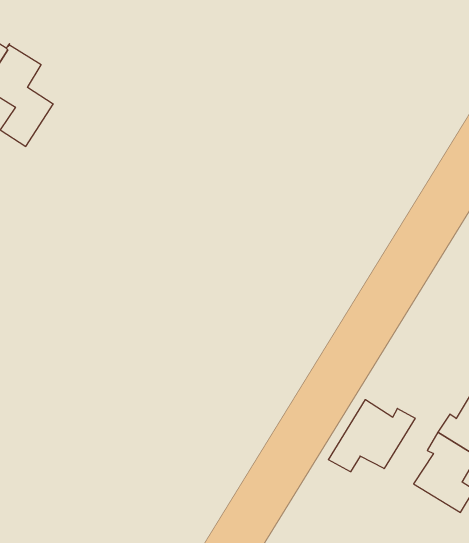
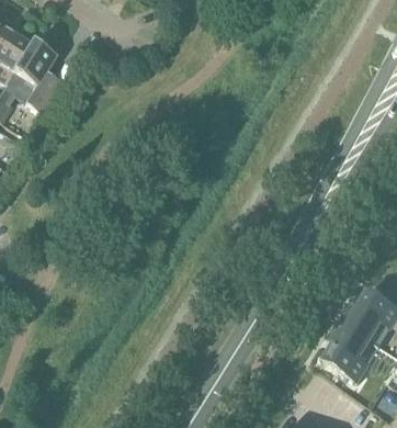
building: [328,400,415,472] -> none

